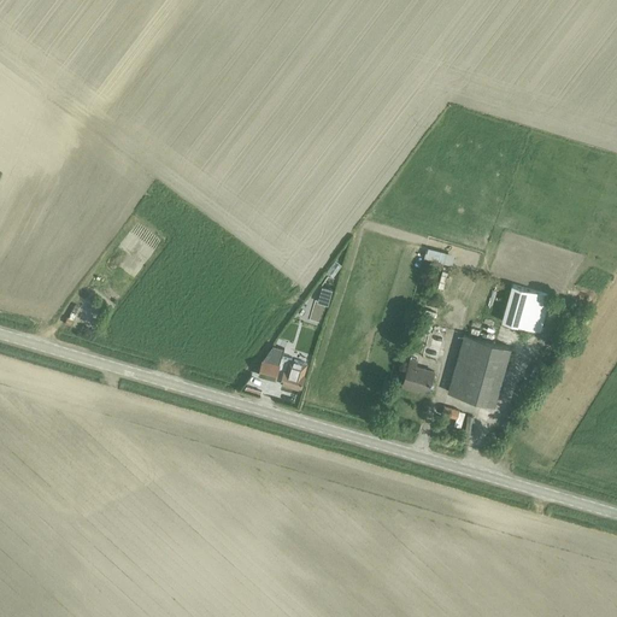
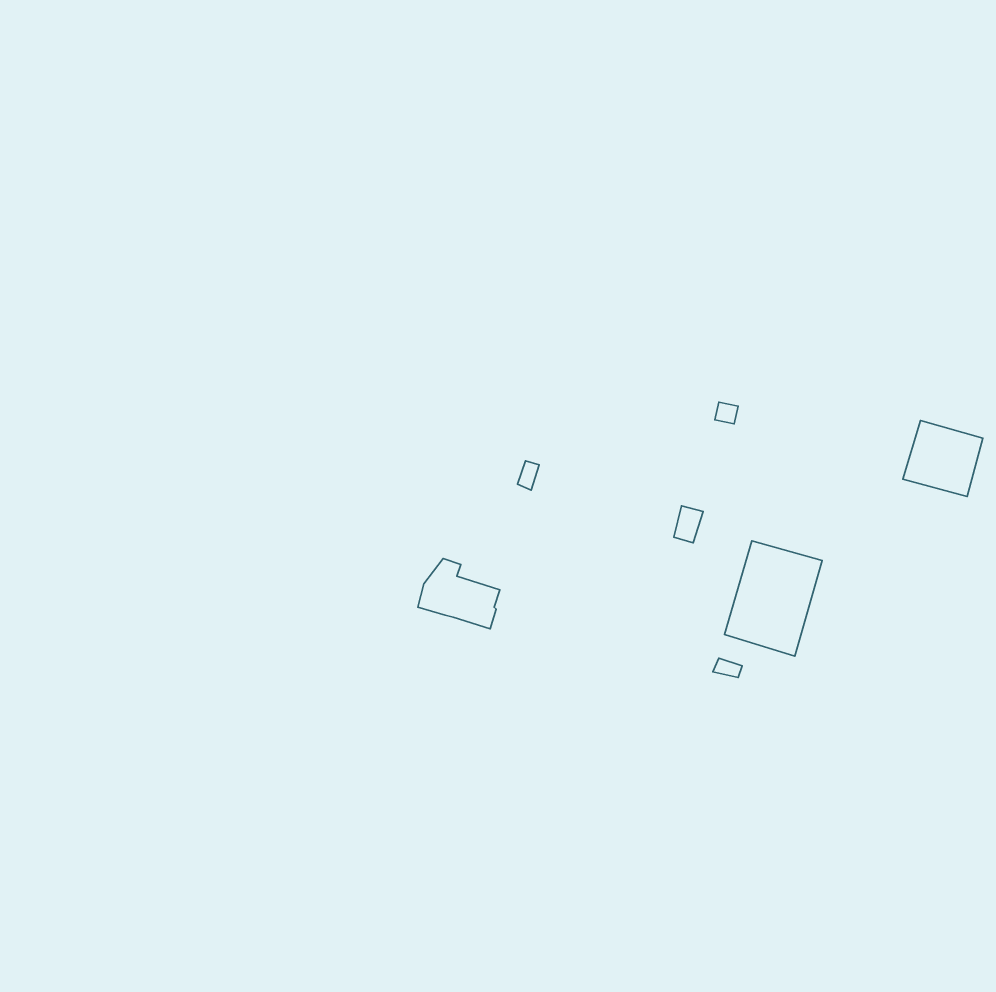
building: [500,288,550,335] -> [903,420,983,497]
building: [401,364,433,395] -> none

